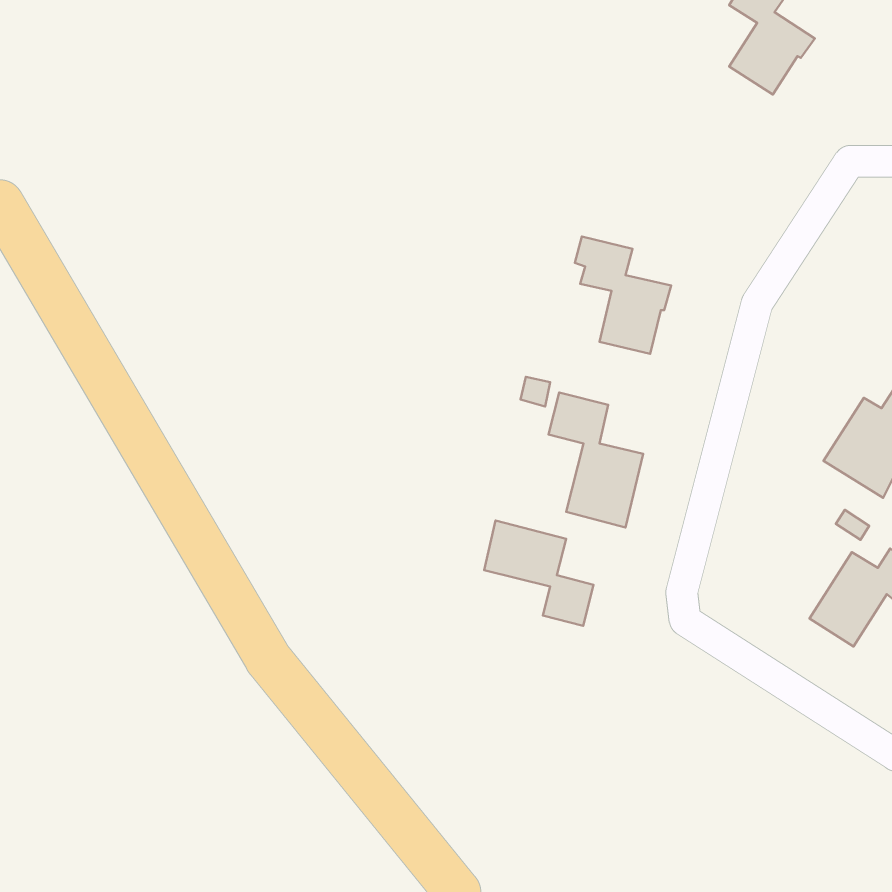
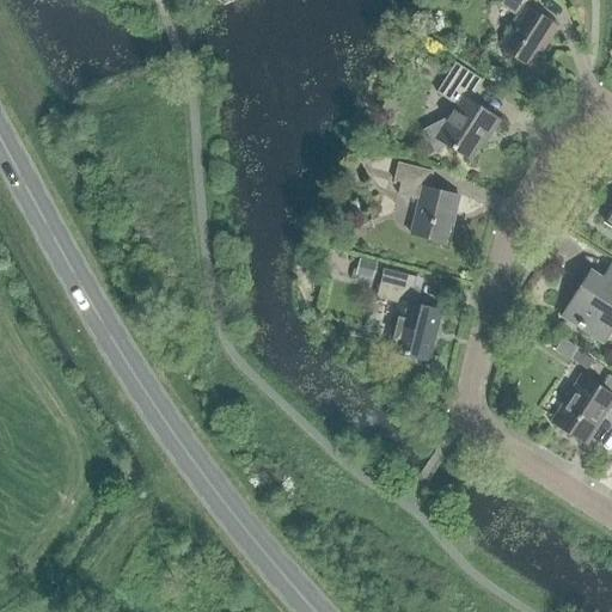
building: none -> [423,62,500,158]
building: [484,520,593,626] -> none

